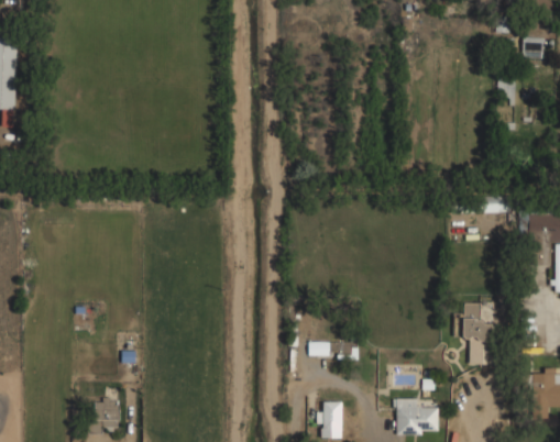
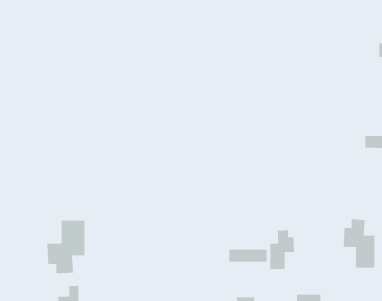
building: none -> [47,220,85,274]
building: none -> [270,229,294,270]

